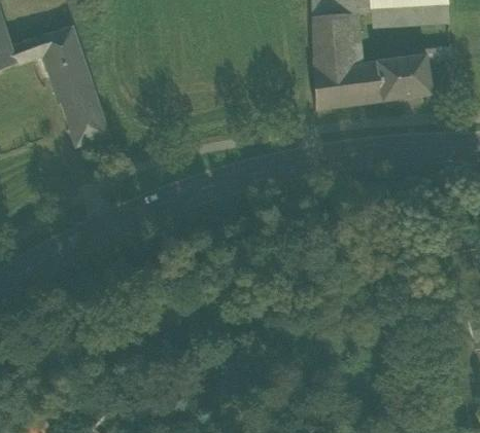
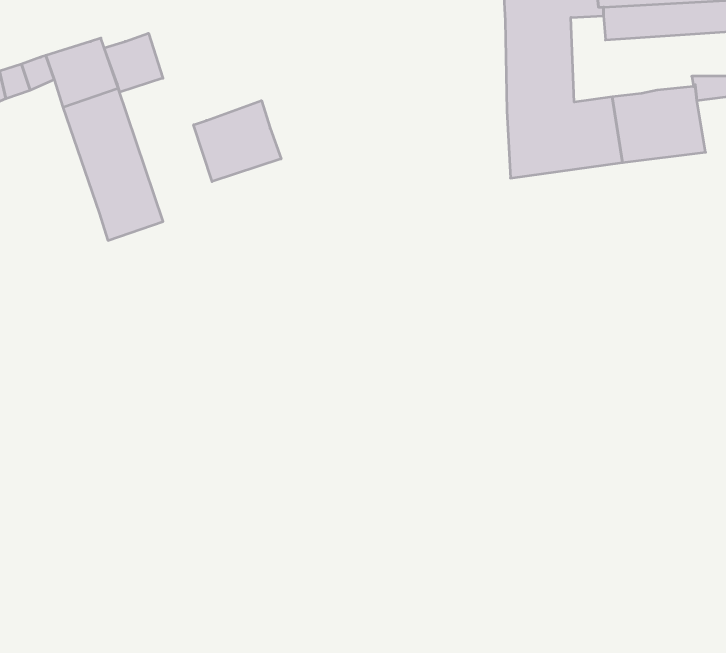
building: none -> [104,33,163,92]
building: none -> [194,101,281,182]

